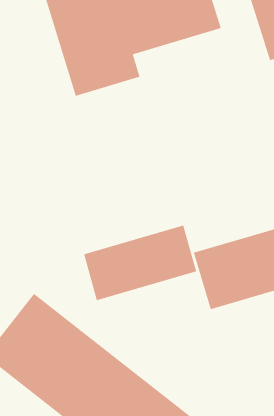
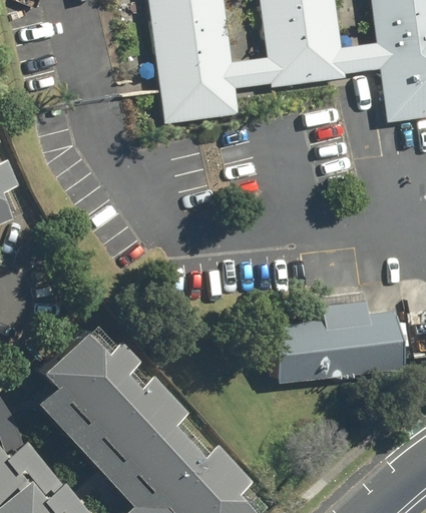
building: [83,225,197,301] -> none

